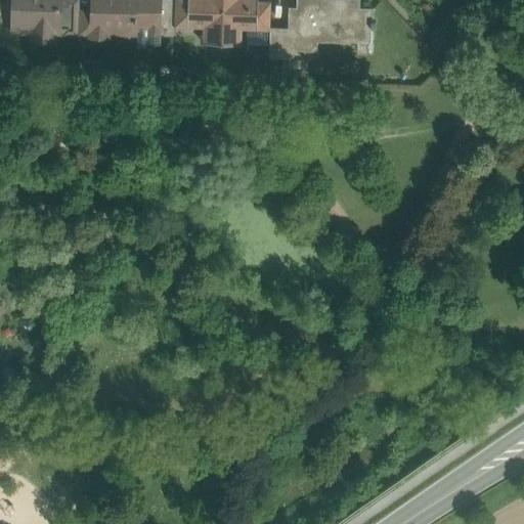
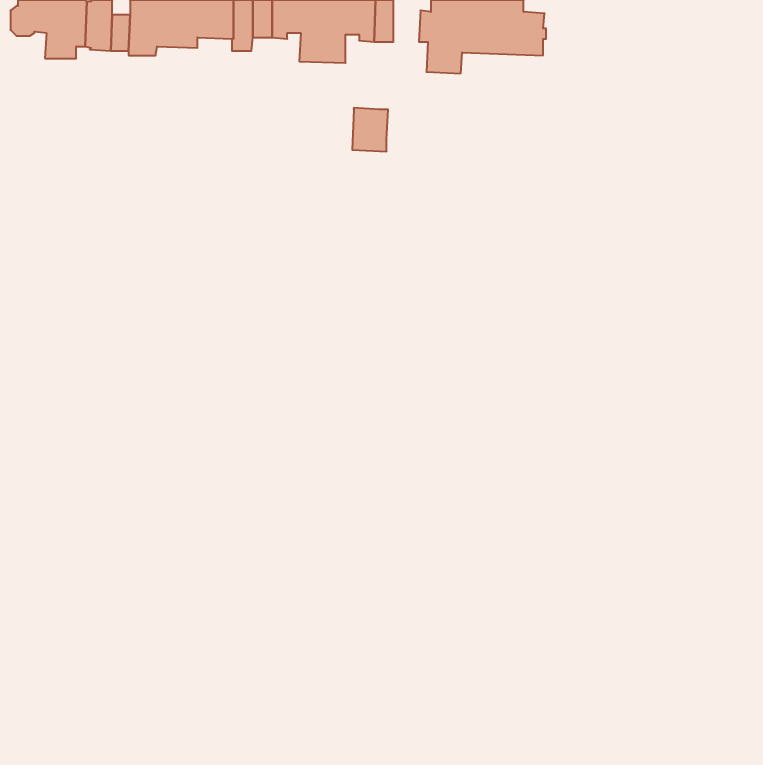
building: [268,28,293,57] -> [352,108,388,151]

